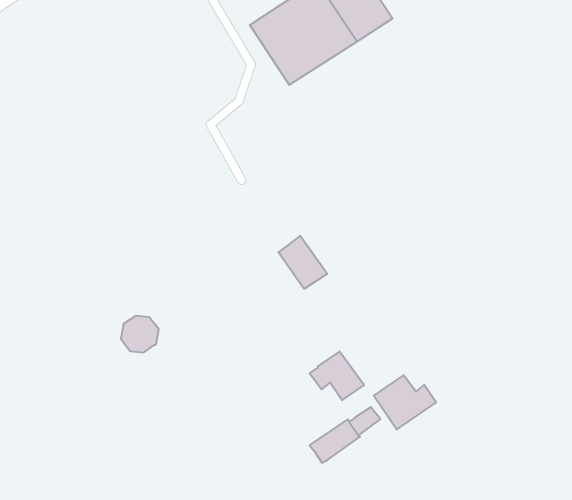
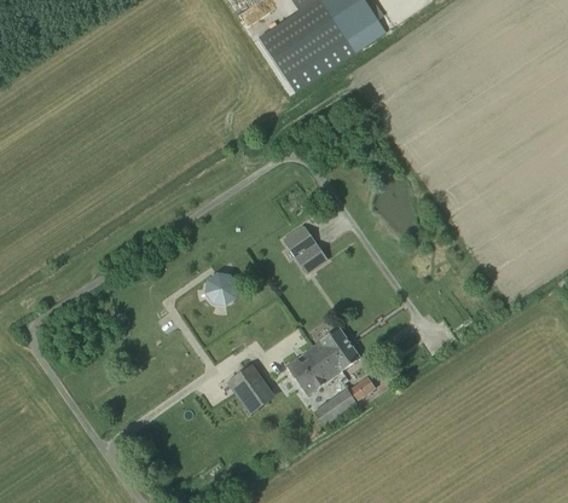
building: [121,316,159,352] -> [204,272,238,305]
building: [374,375,436,430] -> [285,346,341,394]
building: none -> [226,364,267,406]

